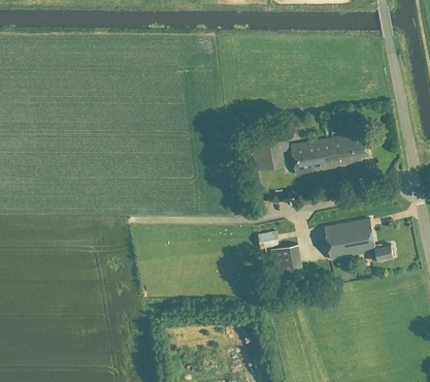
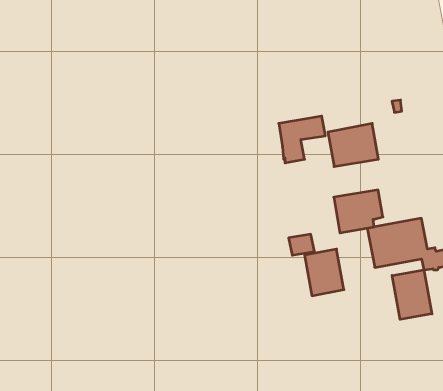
building: [327,131,368,167] -> [334,190,383,233]
building: none -> [392,270,432,319]

